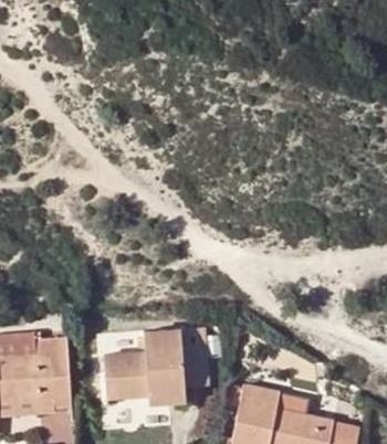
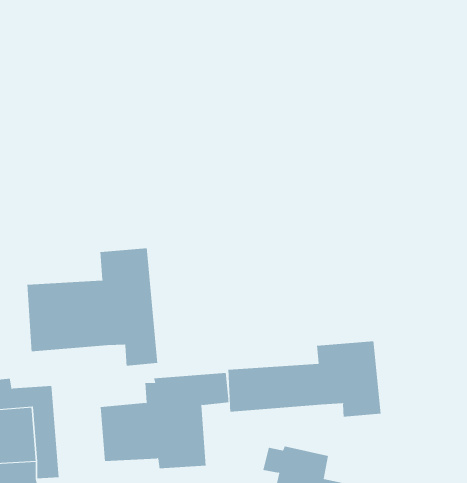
building: none -> [27,248,158,367]
building: none -> [228,341,381,417]

